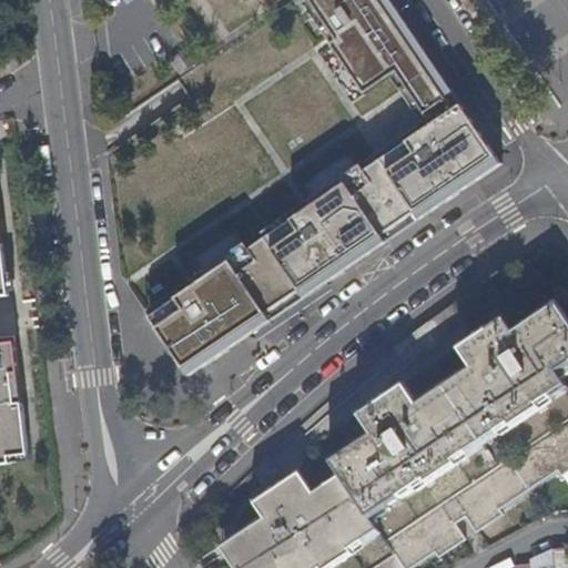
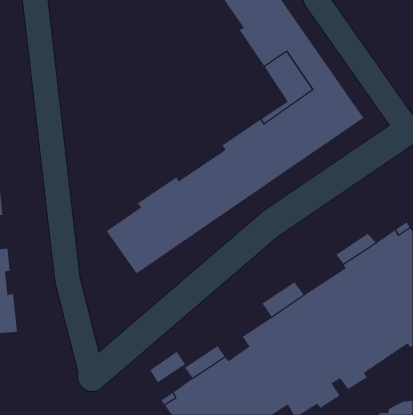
building: none -> [150,351,186,383]

